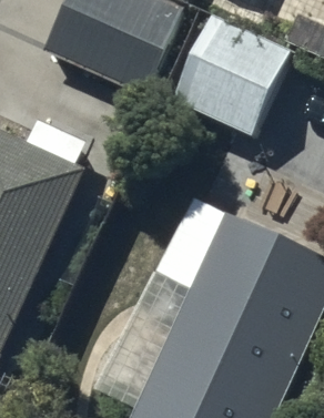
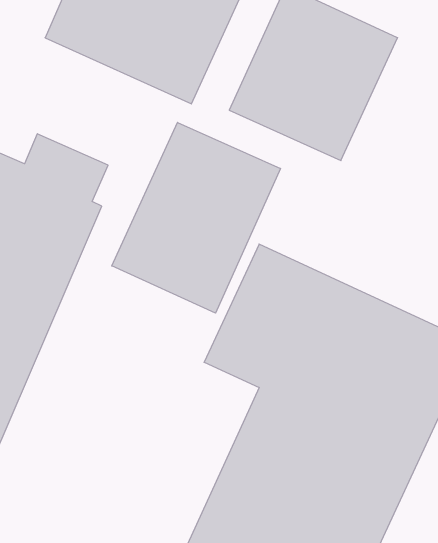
building: none -> [112,122,280,313]

